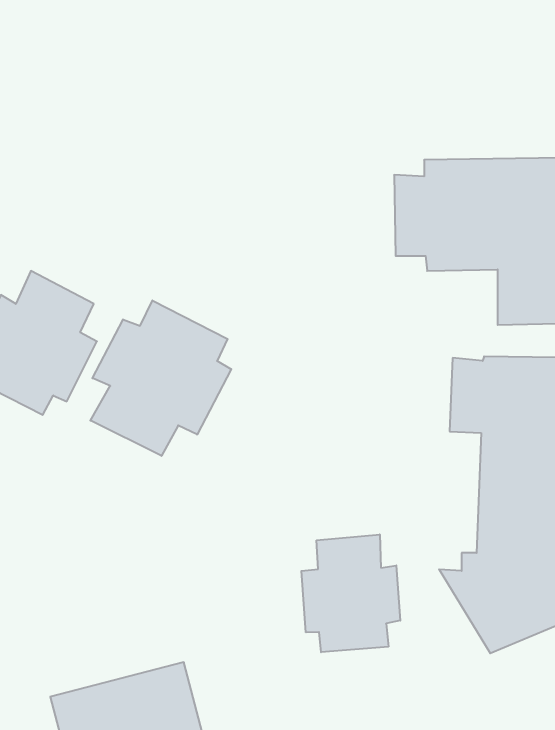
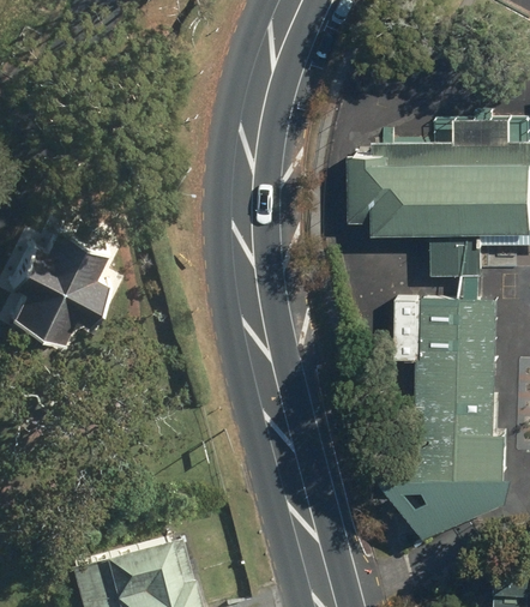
building: [90,300,231,456] -> none
building: [301,534,400,652] -> none

